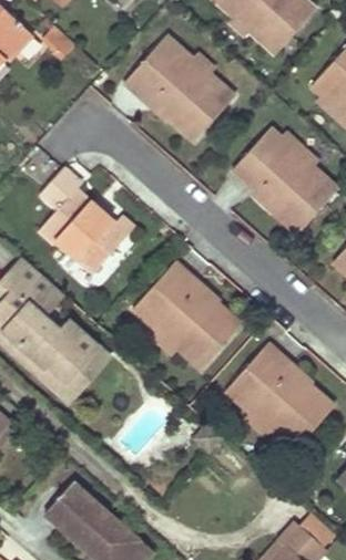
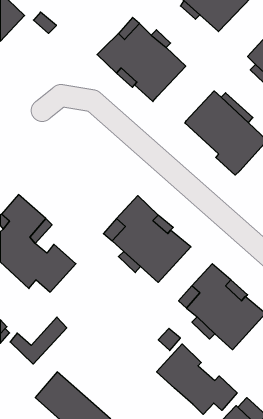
building: [39,165,134,270] -> none
building: [38,343,109,402] -> [10,317,67,364]
building: none -> [157,344,237,414]

